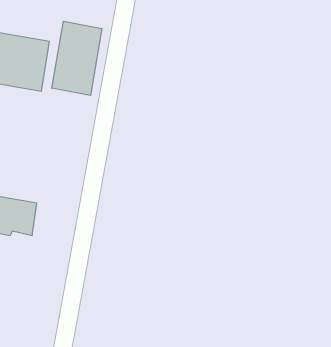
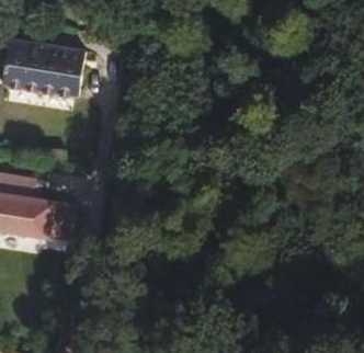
building: [52,21,102,95] -> none

